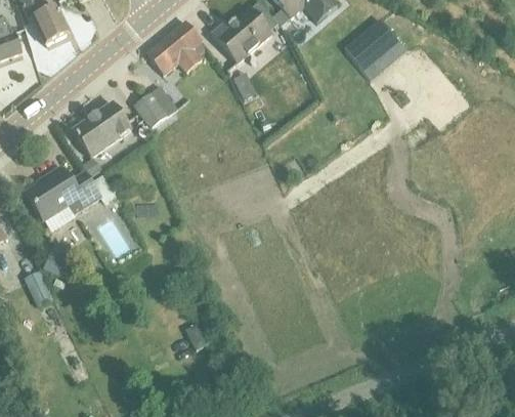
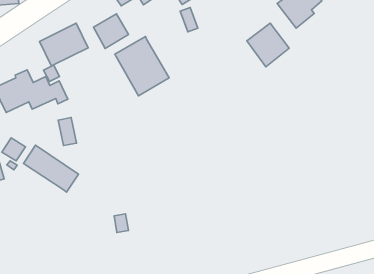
building: none -> [247,23,289,67]
building: none -> [115,36,169,96]
building: none -> [24,145,78,192]

